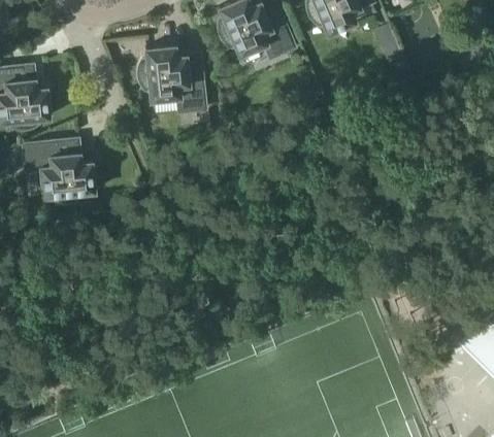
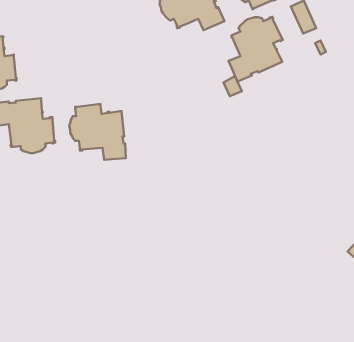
building: none -> [229,17,283,81]
building: [139,45,206,111] -> [69,104,126,160]

